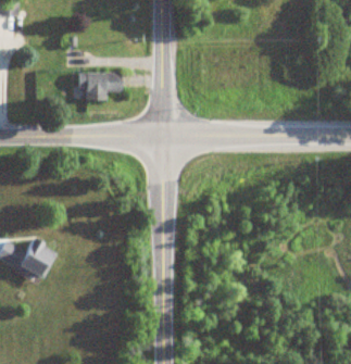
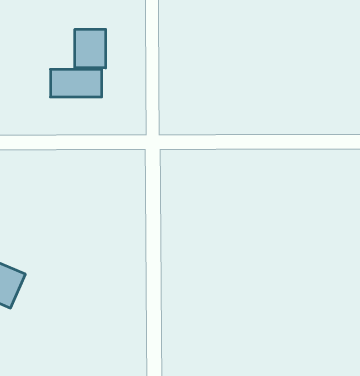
building: none -> [75,29,106,68]

